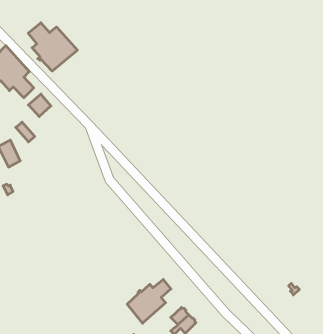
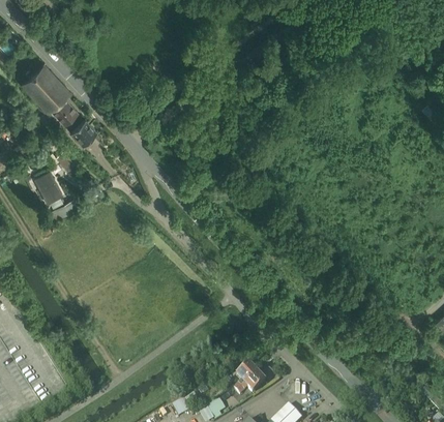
building: [28,23,77,71] -> none
building: [127,279,171,323] -> none

